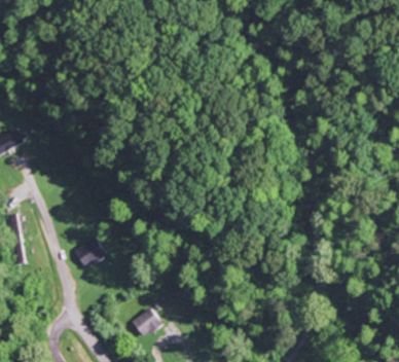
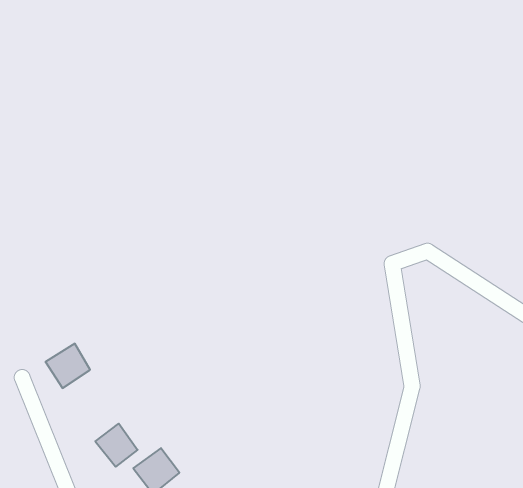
building: none -> [95,424,138,467]

